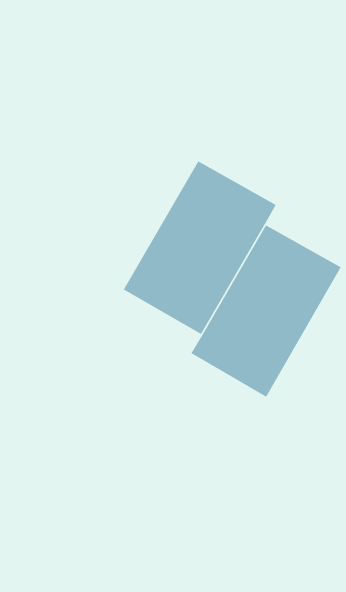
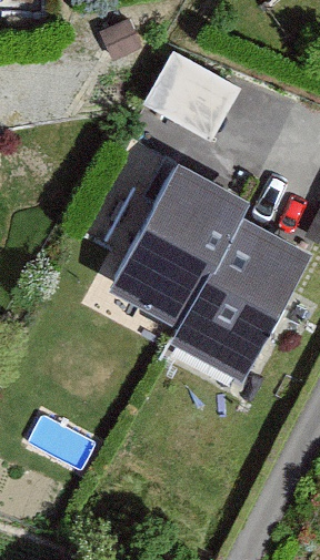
building: none -> [141,54,239,141]

